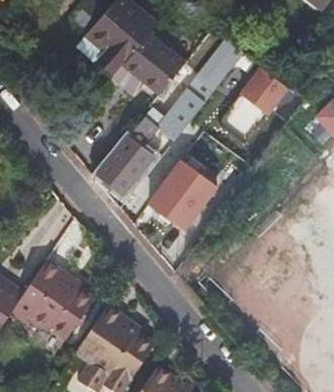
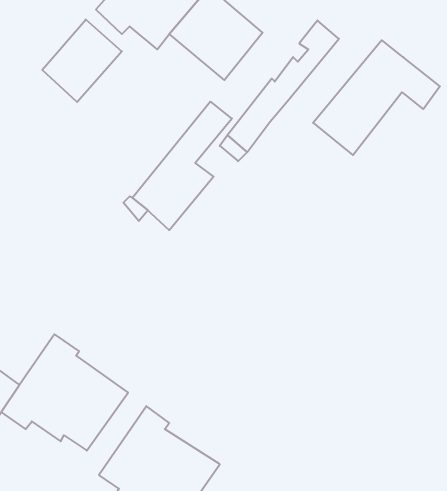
building: none -> [42,19,122,102]
building: [148,152,220,227] -> none

